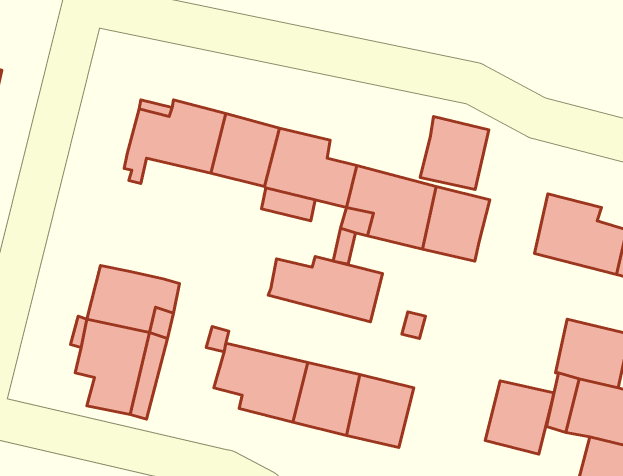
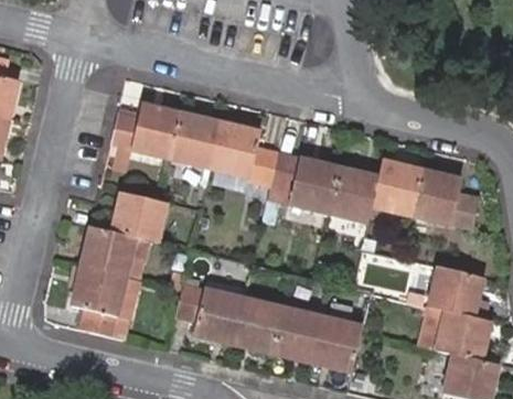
building: [420,116,489,189] -> [371,162,421,216]
building: none -> [113,191,167,240]
building: [268,257,383,322] -> none
building: [485,381,554,454] -> [311,315,362,369]

